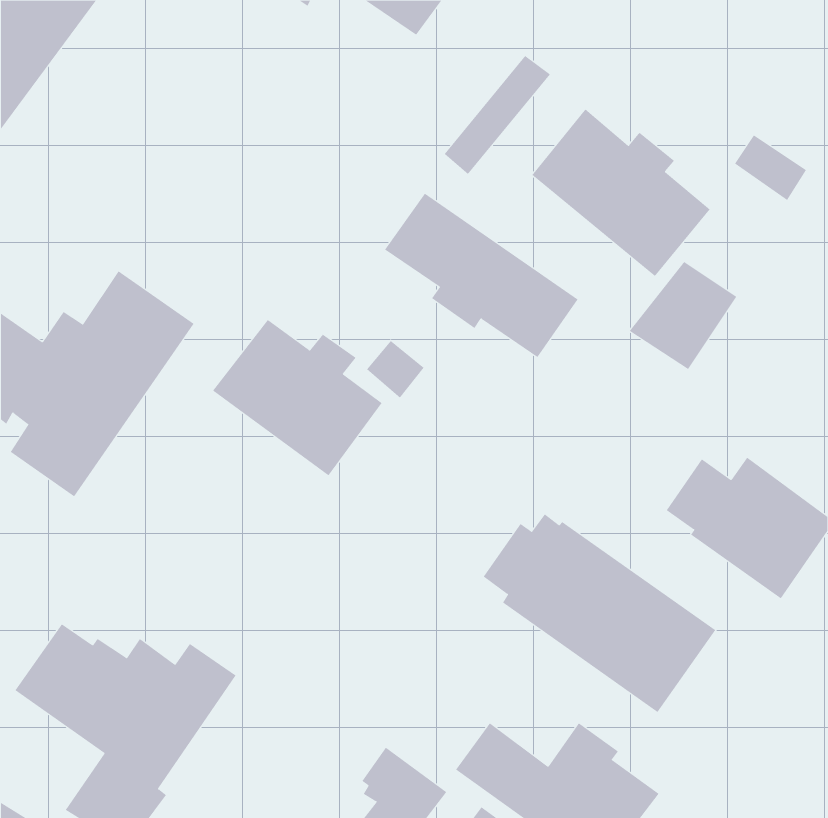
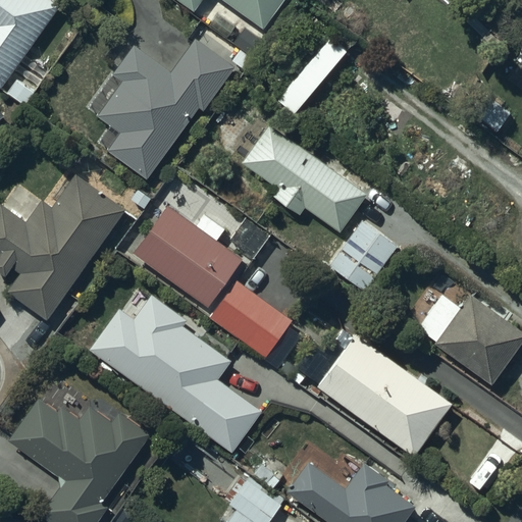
building: none -> [88,39,233,177]
building: [532,108,711,277] -> none
building: [629,261,737,370] -> [327,221,396,290]
building: none -> [210,281,293,358]
building: none -> [89,295,261,451]

